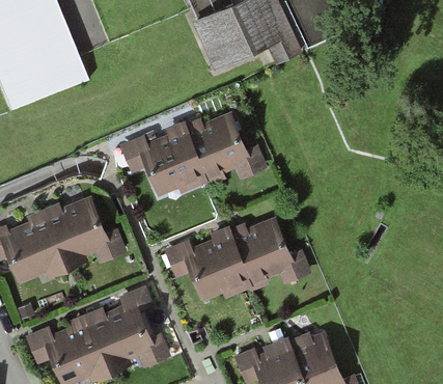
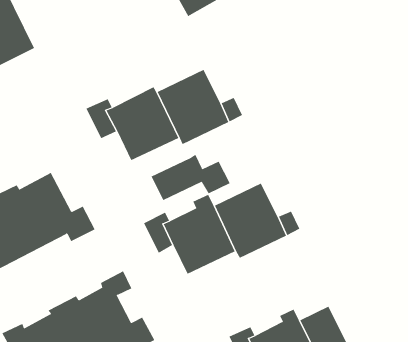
building: none -> [151,154,230,201]

